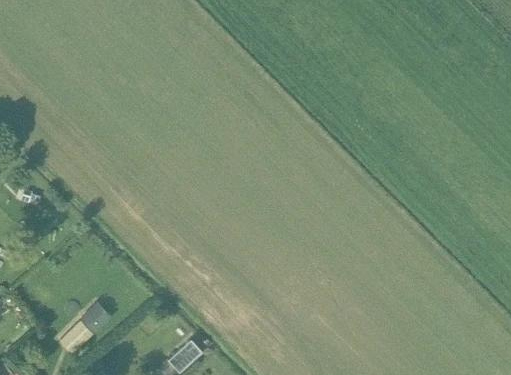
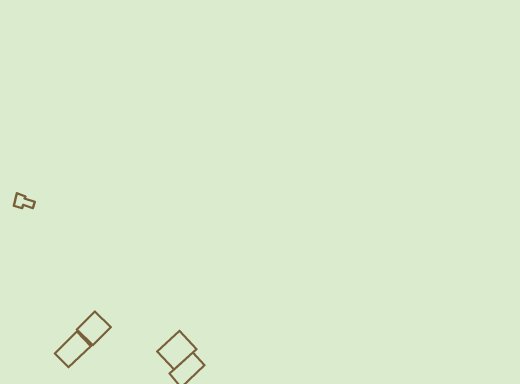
building: none -> [157,331,196,370]

